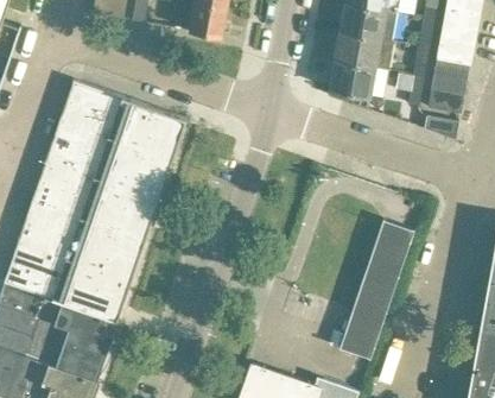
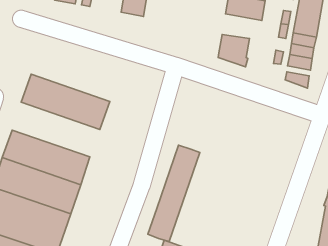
building: [334,34,393,72] -> none
building: [59,82,185,160] -> none
building: [32,162,158,240] -> none
building: [338,221,413,360] -> [148,145,200,242]

